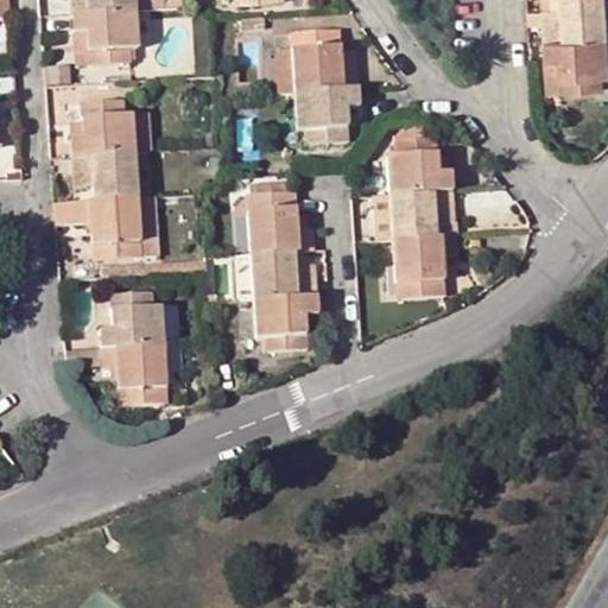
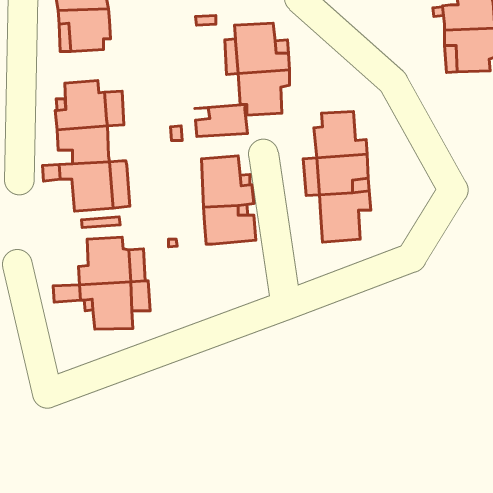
building: none -> [195,105,248,137]
building: [255,294,317,350] -> none

